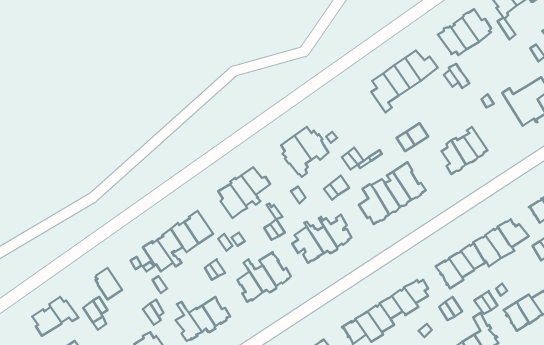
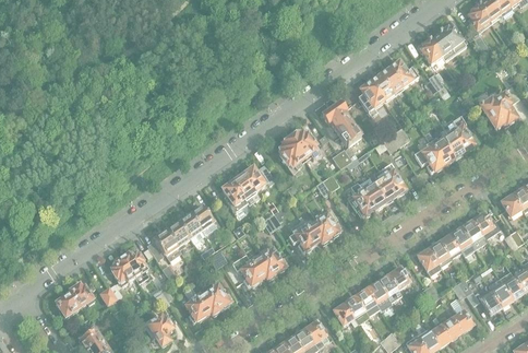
building: none -> [323,102,362,148]
building: none -> [447,115,478,151]
building: none -> [122,250,149,282]

